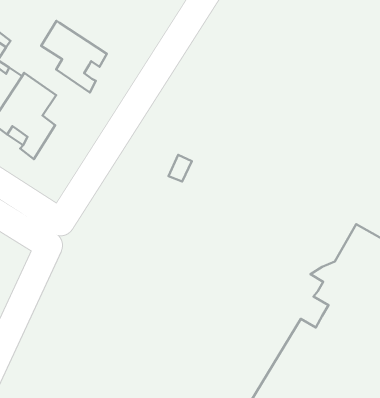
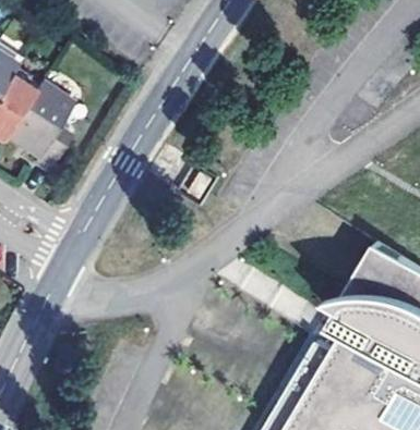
building: [41,21,107,92] -> none

